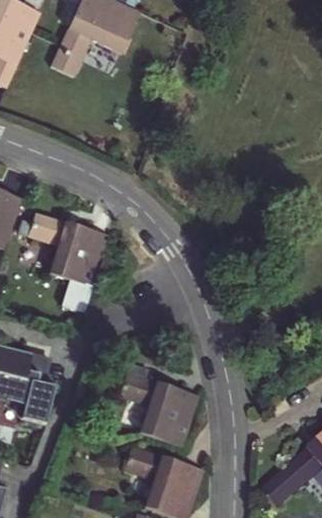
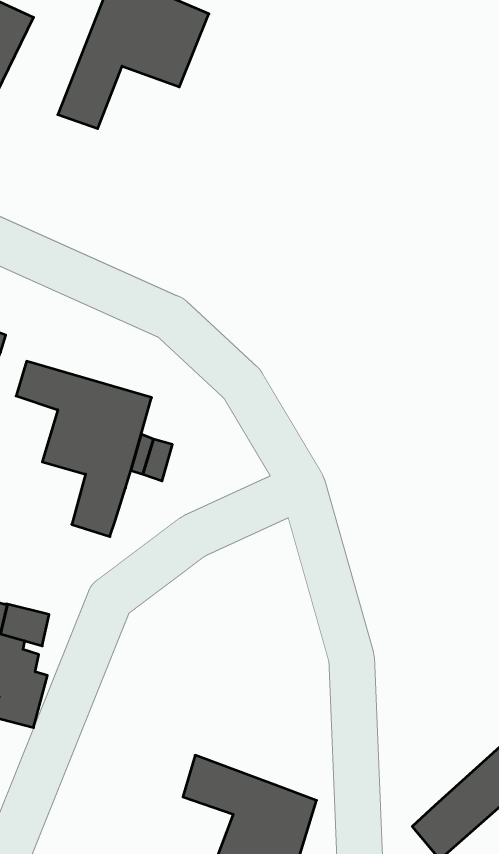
building: [126,372,202,446] -> none

